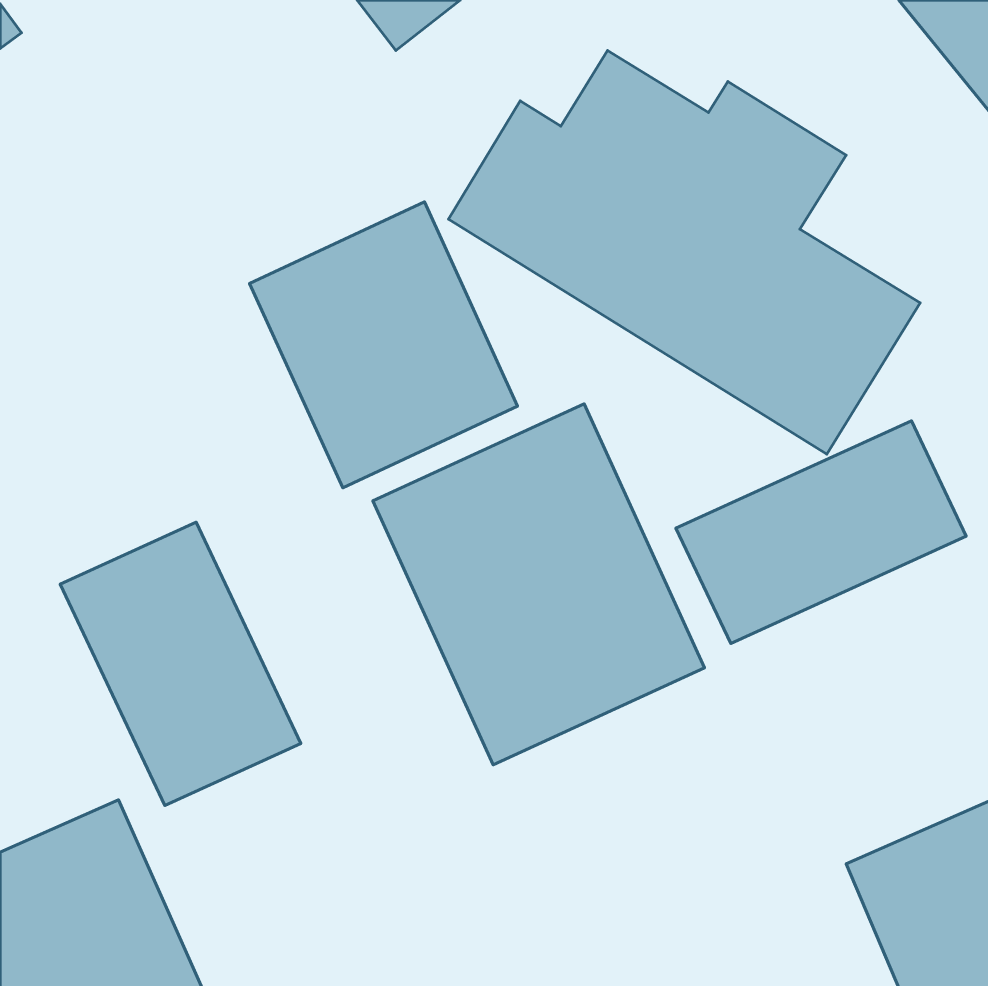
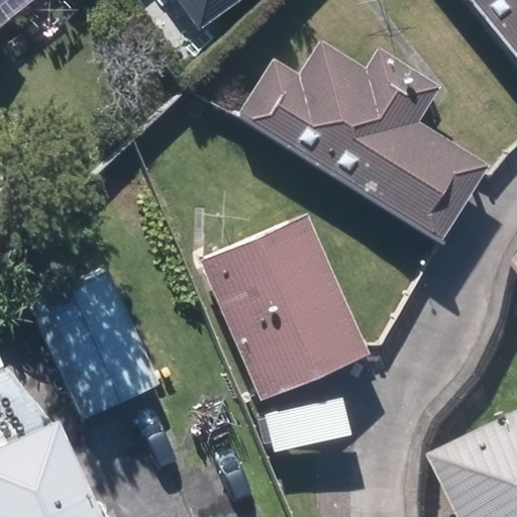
building: [250,202,517,488] -> none
building: [676,421,966,644] -> none

